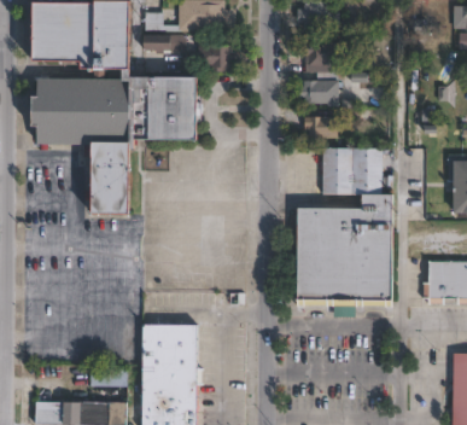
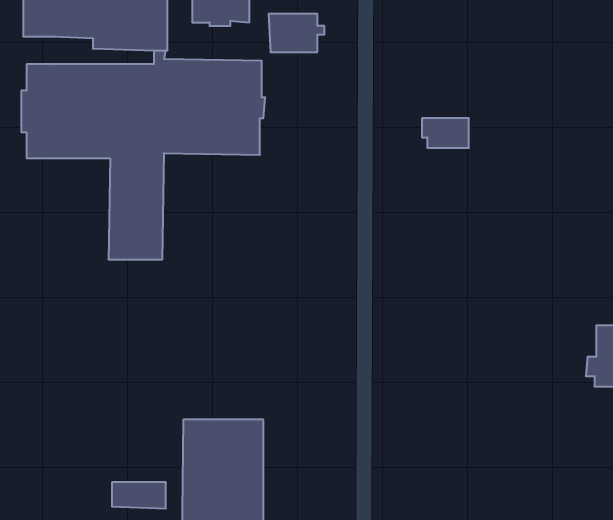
building: [300,41,346,107] -> none
building: [296,147,395,301] -> none

